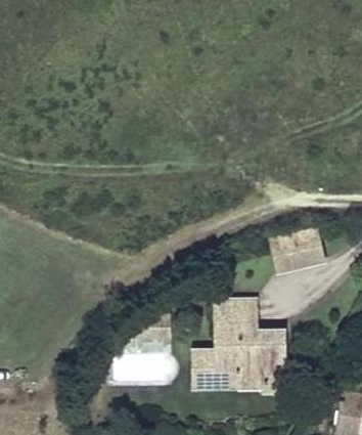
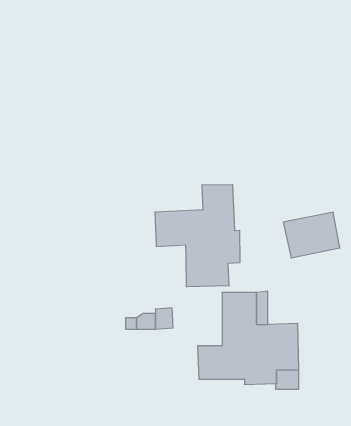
building: none -> [155,184,240,287]

